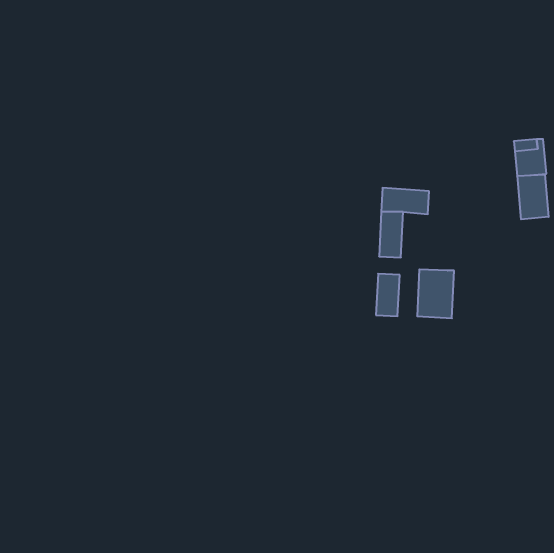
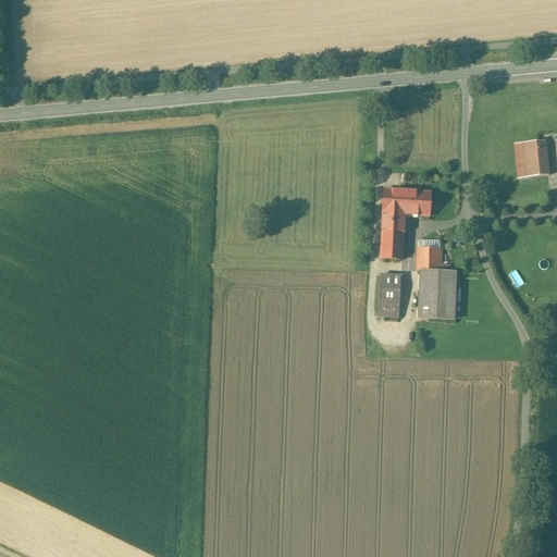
building: [517,175,549,219] -> none
building: none -> [418,247,449,271]

